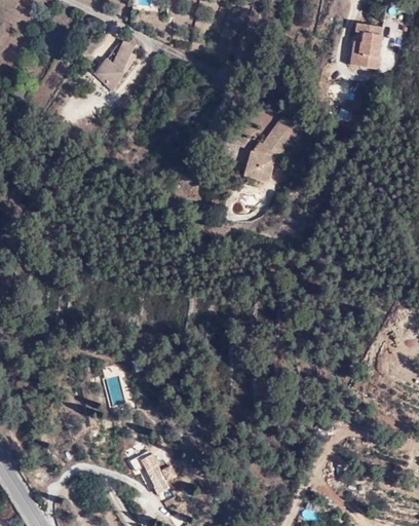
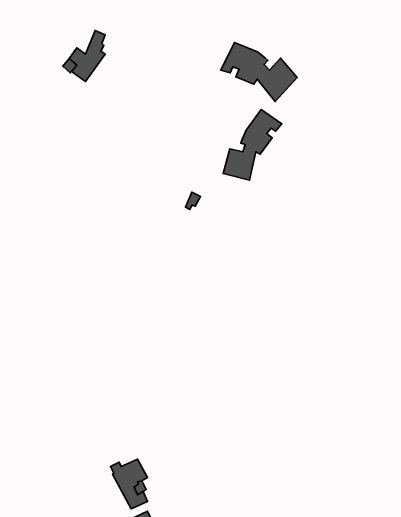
building: [348,22,381,68] -> none
building: none -> [221,43,297,102]

